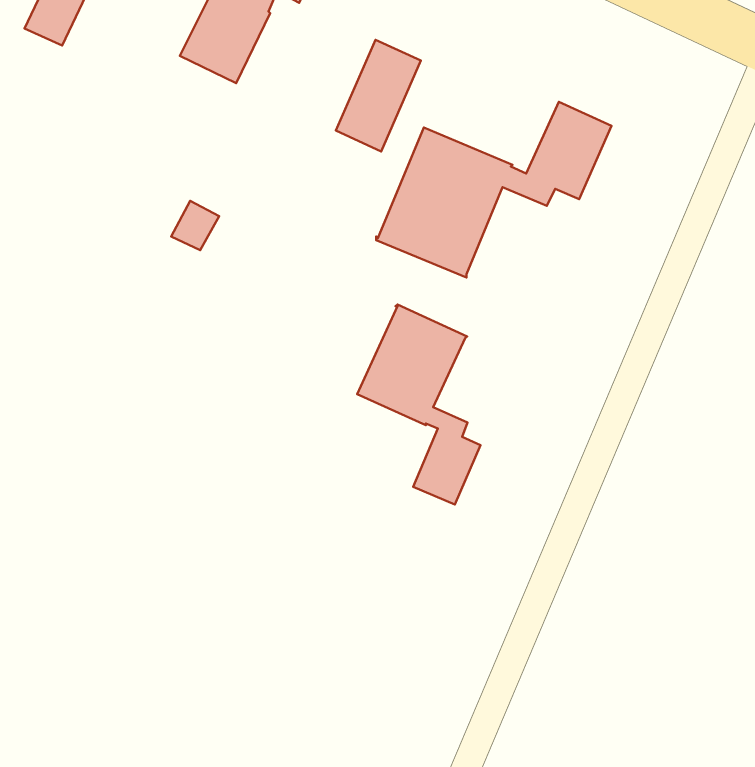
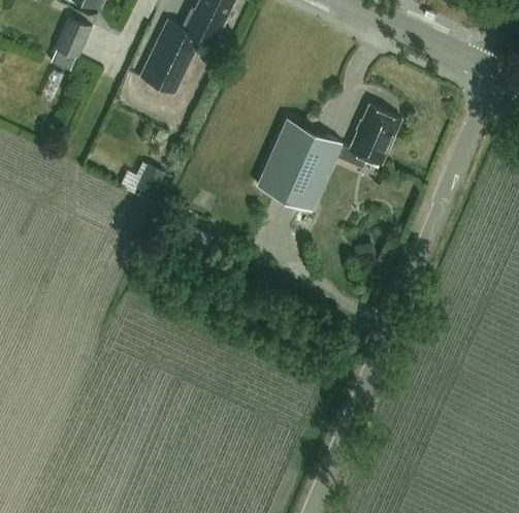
building: [336,40,421,152] -> none
building: [357,304,481,505] -> none

